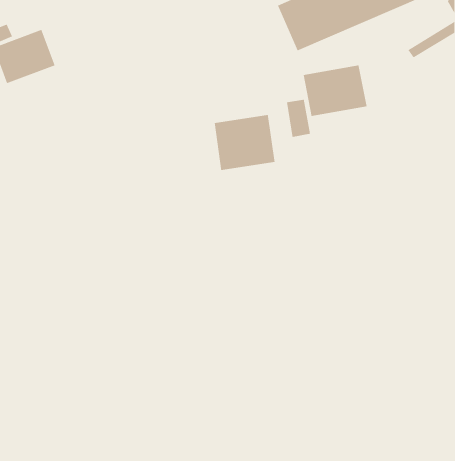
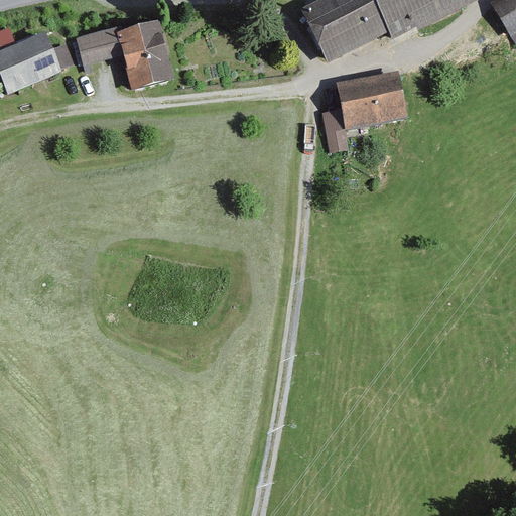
building: none -> [119,22,172,89]
building: none -> [77,30,118,63]
building: [214,114,275,171] -> none

